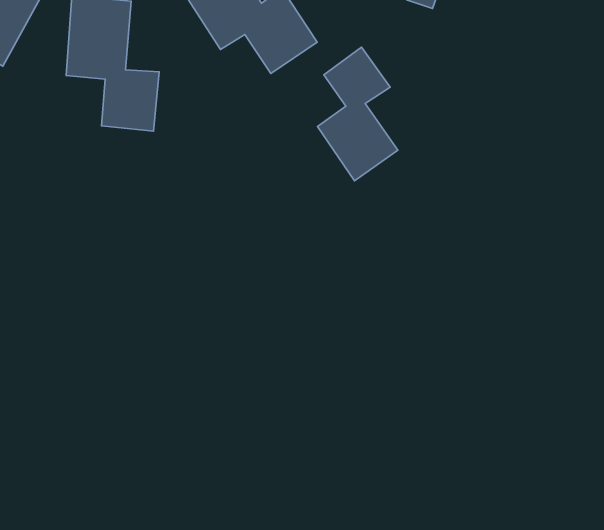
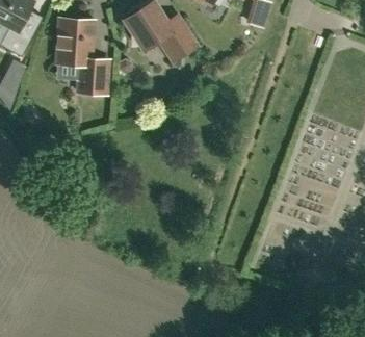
building: [317,47,398,181] -> none

